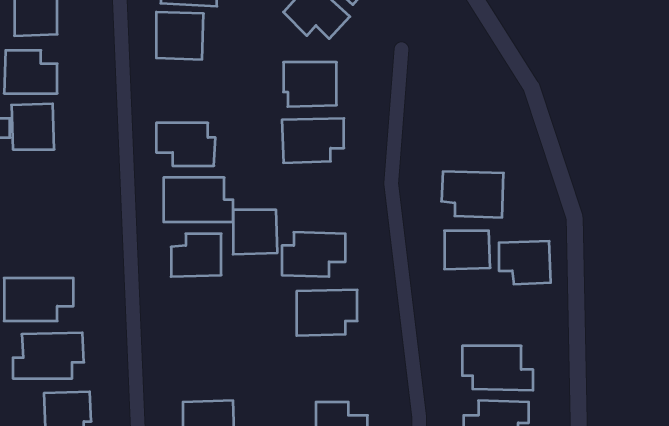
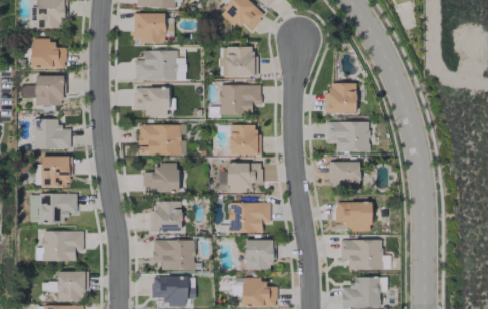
building: none -> [135,51,185,81]
building: none -> [326,83,356,113]
building: none -> [33,119,71,149]
building: [233,210,277,254] -> [230,125,260,156]
building: none -> [41,157,71,187]
building: [499,241,551,284] -> [336,202,372,231]
building: none -> [151,201,182,232]
building: none -> [153,240,195,271]
building: none -> [244,240,273,271]

